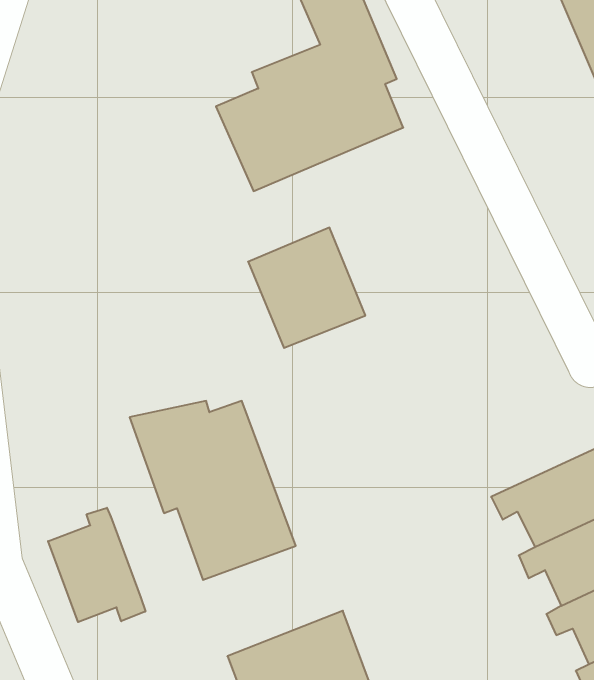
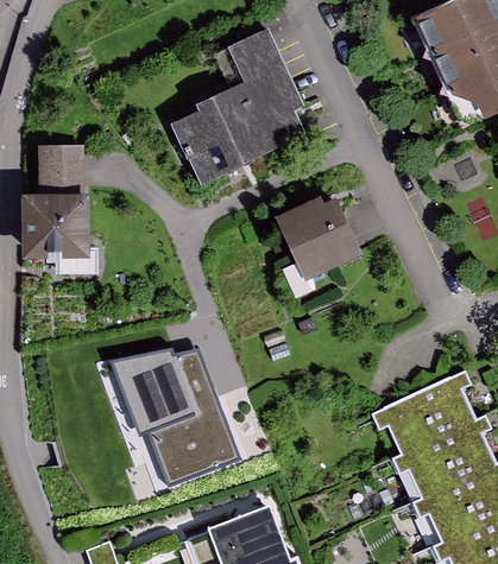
building: none -> [30,146,96,278]
building: [248,228,365,348] -> [279,192,365,280]
building: [48,508,145,622] -> none

